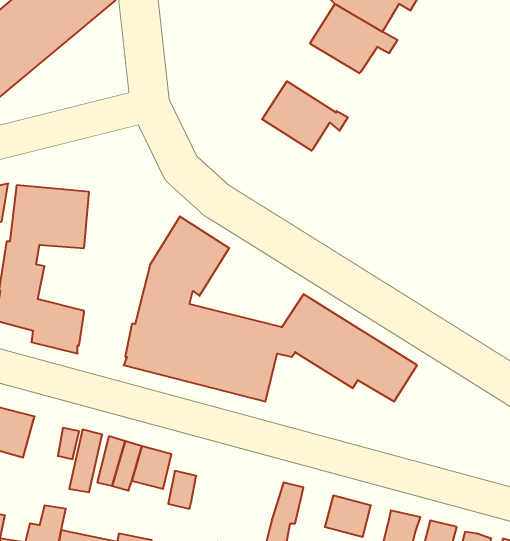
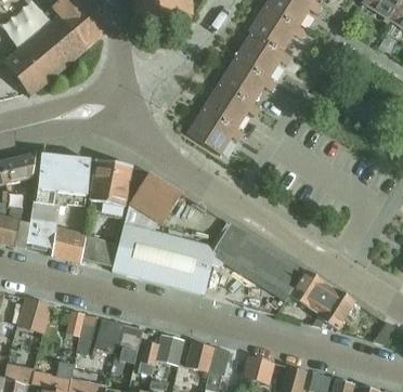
building: none -> [219,60,275,105]
building: none -> [187,109,244,155]
building: none -> [89,158,131,206]
building: none -> [82,236,117,265]
building: none -> [289,271,354,329]
building: none -> [156,334,184,366]
building: none -> [186,341,217,371]

